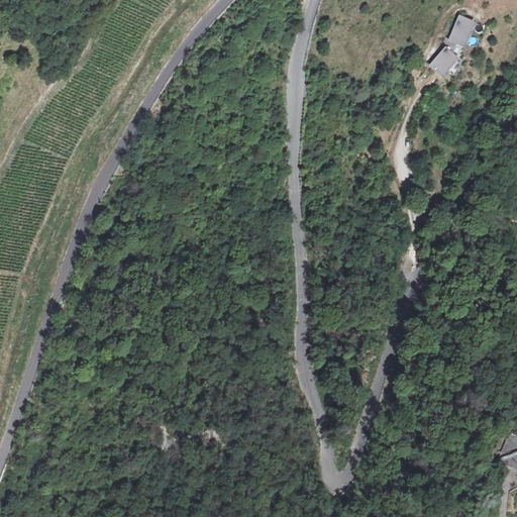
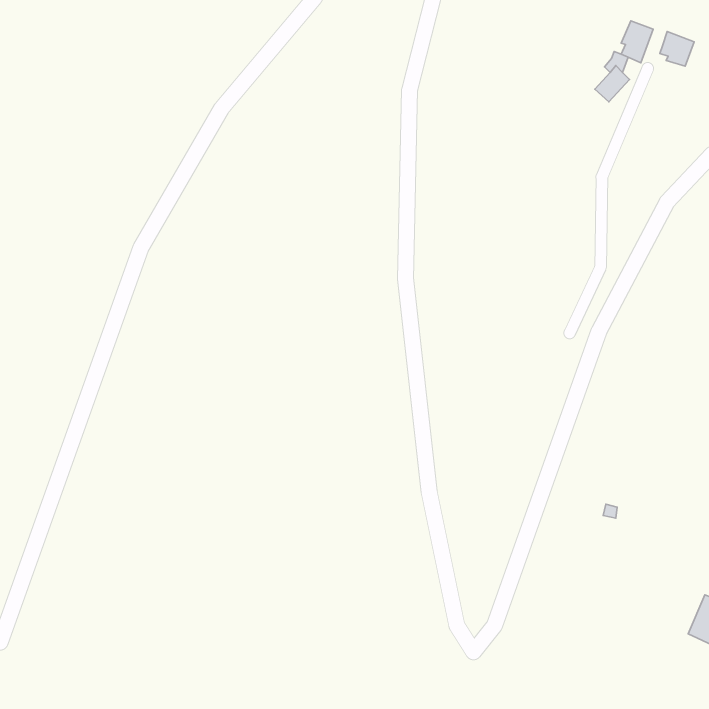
building: none -> [660,32,694,66]

